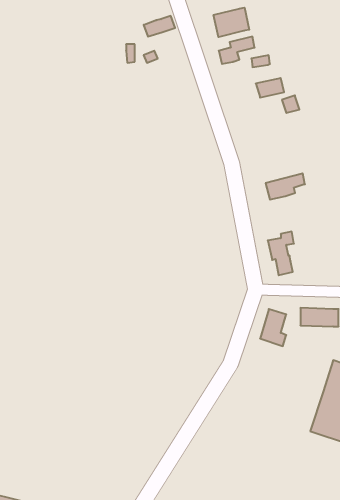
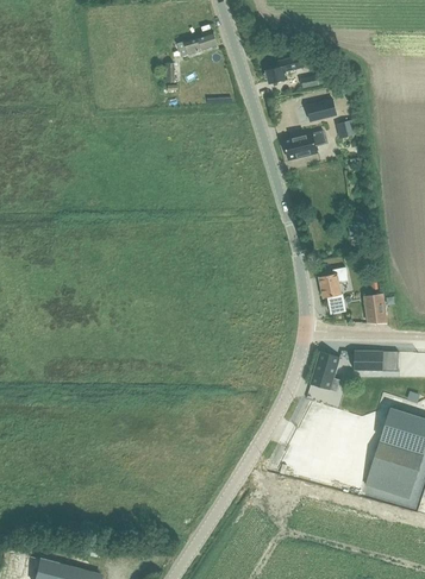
building: [214,8,249,37] -> none
building: [266,173,305,200] -> [285,131,327,159]
building: none -> [365,294,388,323]

